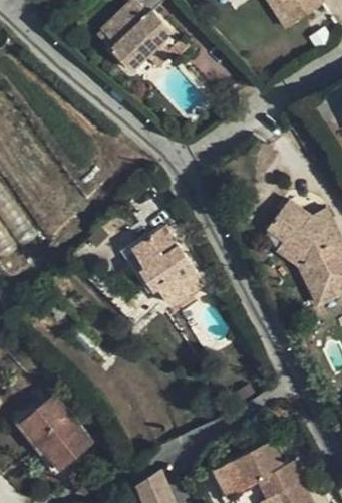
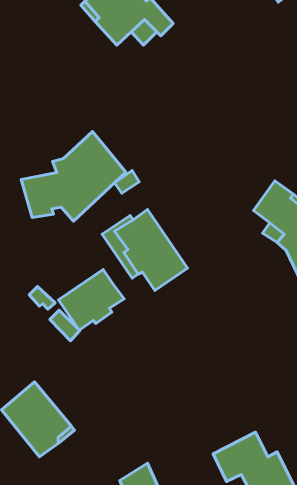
building: none -> [21,131,126,221]
building: none -> [59,269,124,330]

